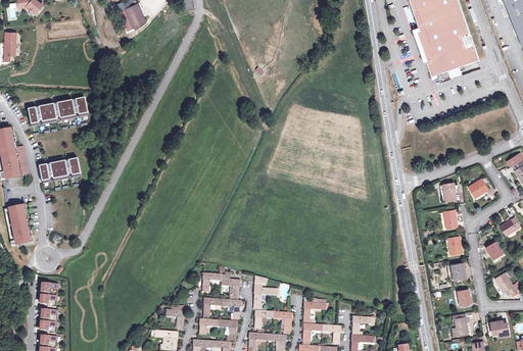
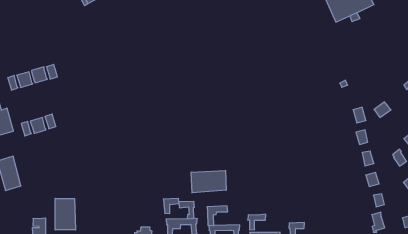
building: none -> [191,170,226,193]
building: none -> [55,198,76,230]

